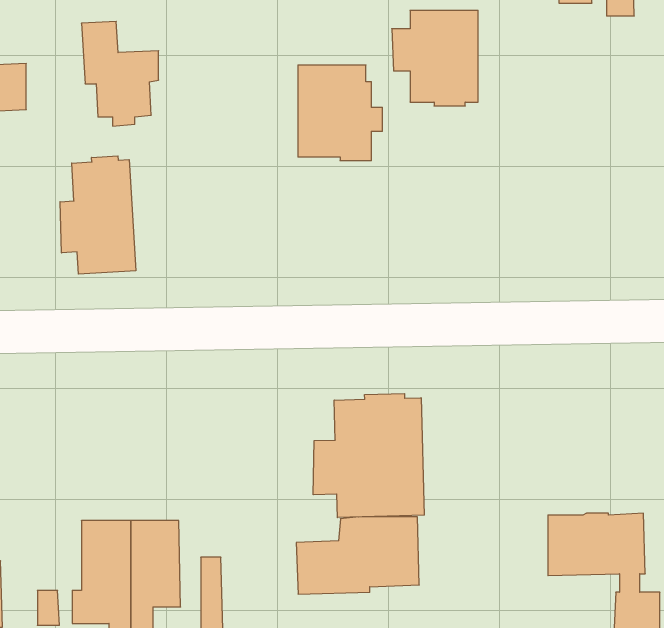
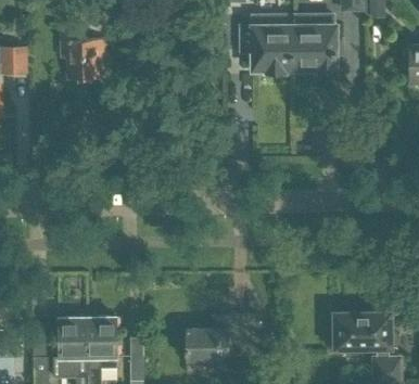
building: [298,65,382,161] -> [293,16,343,73]
building: [60,156,136,274] -> none
building: [313,394,424,518] -> none

